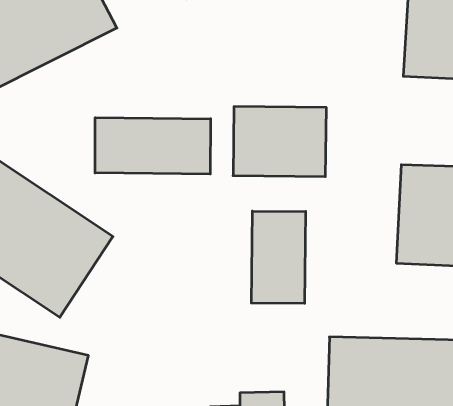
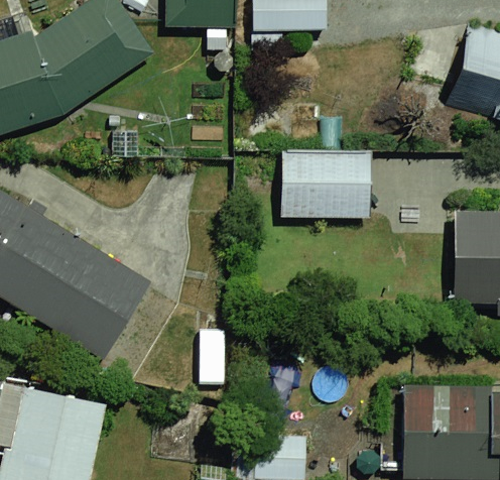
building: [95,118,211,174] -> none
building: [251,211,306,303] -> none

